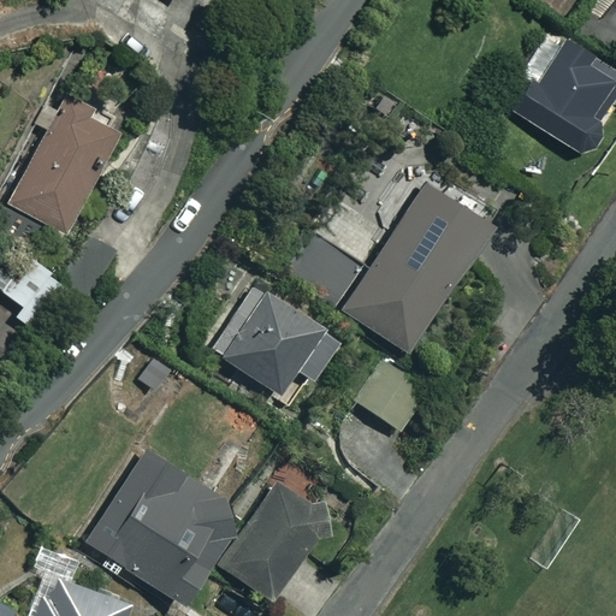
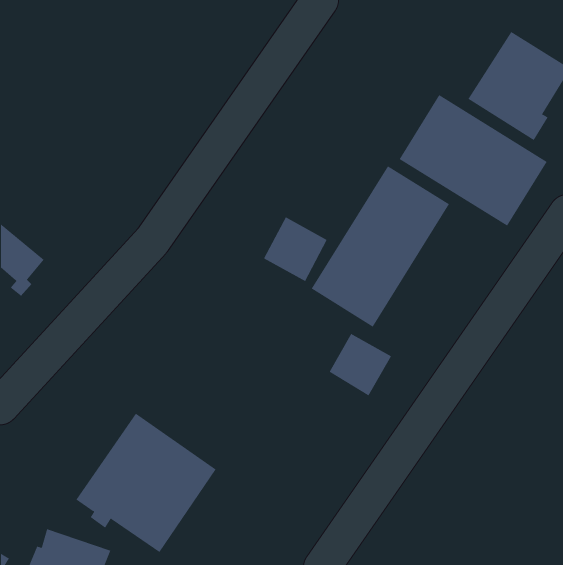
building: [11,93,124,232] -> none
building: none -> [399,94,547,227]
building: [218,288,336,392] -> none
building: [221,479,327,598] -> none

